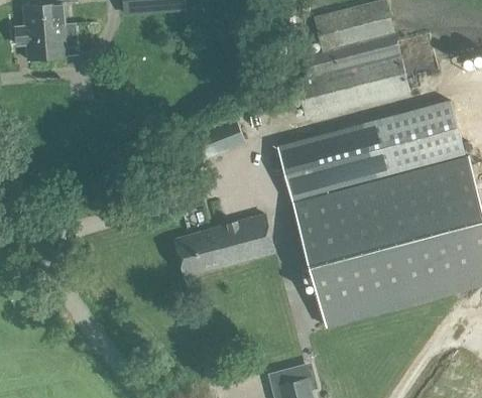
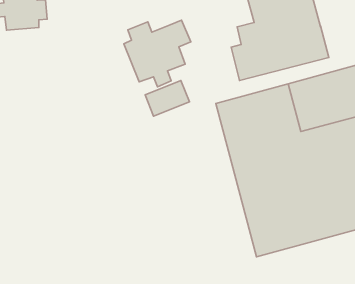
building: none -> [124,20,191,87]
building: [176,215,276,275] -> none

